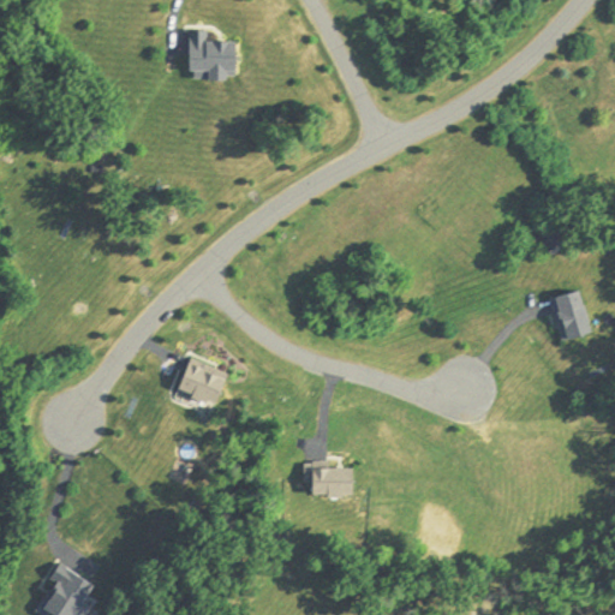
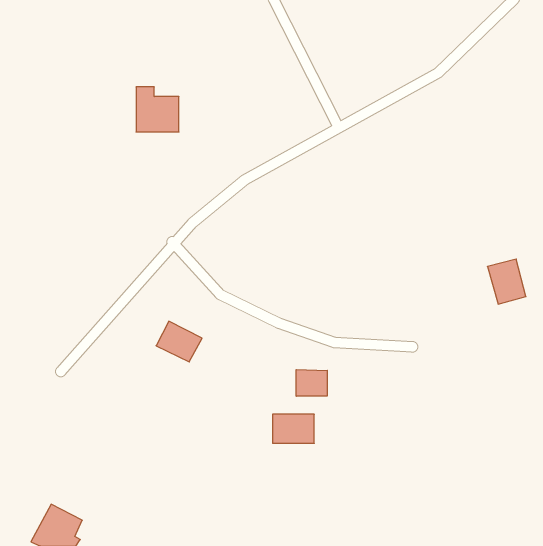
building: [187,32,235,83] -> [136,87,179,132]
building: none -> [296,370,327,396]

